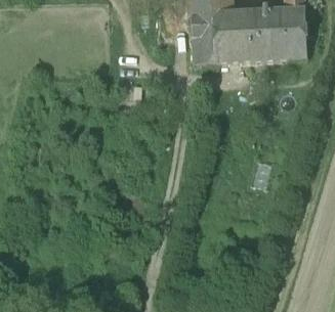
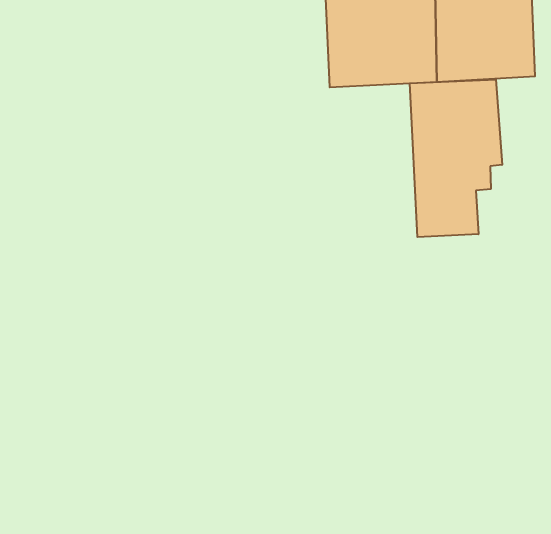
building: none -> [410,79,502,237]

